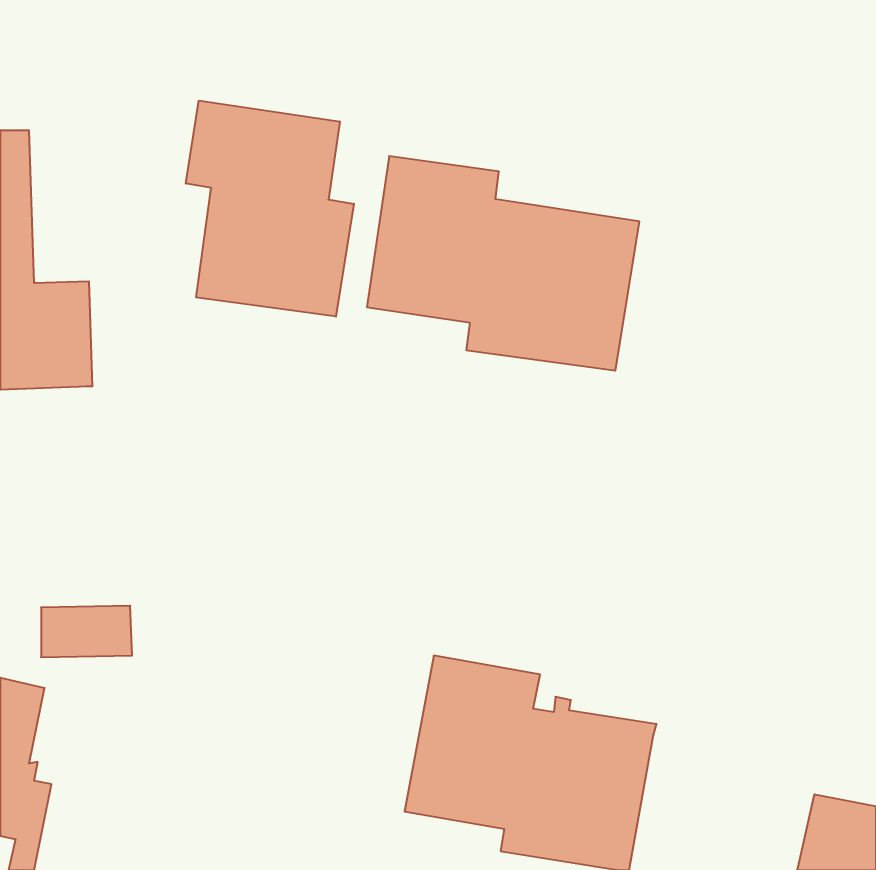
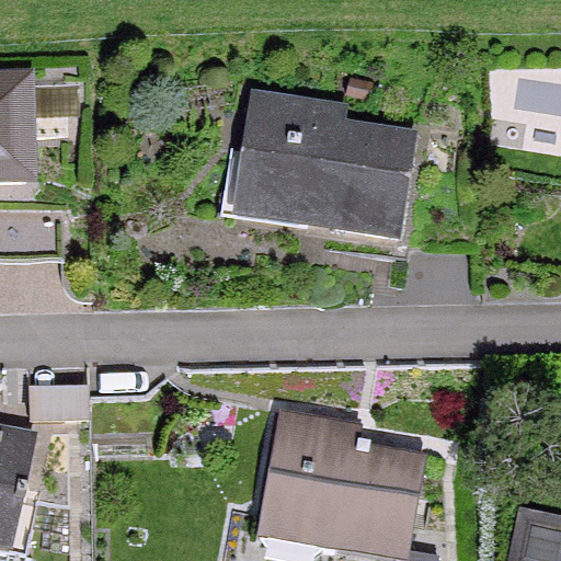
building: [186,101,354,317] -> none

